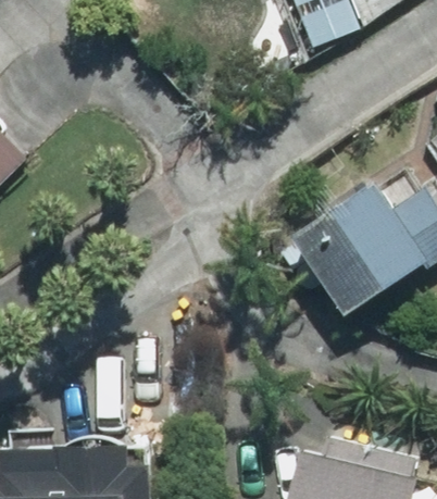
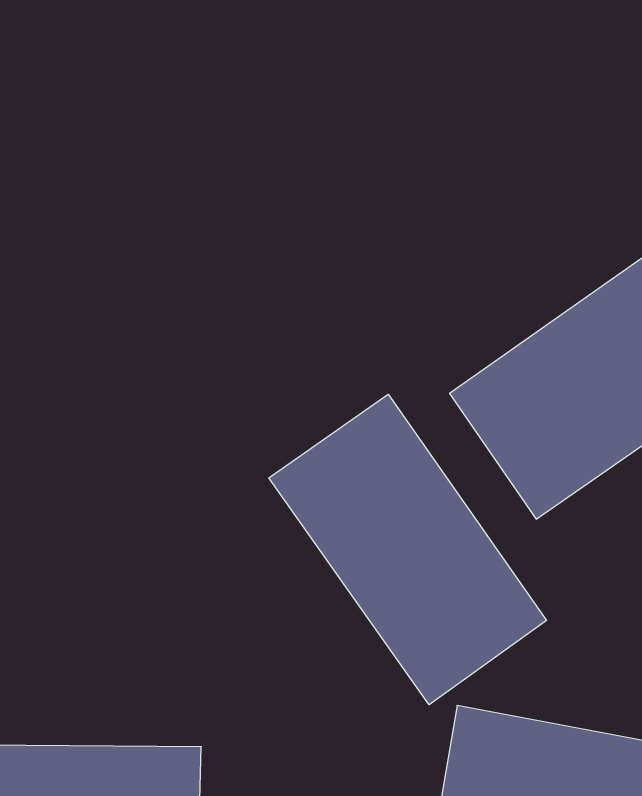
building: none -> [269,394,547,705]

